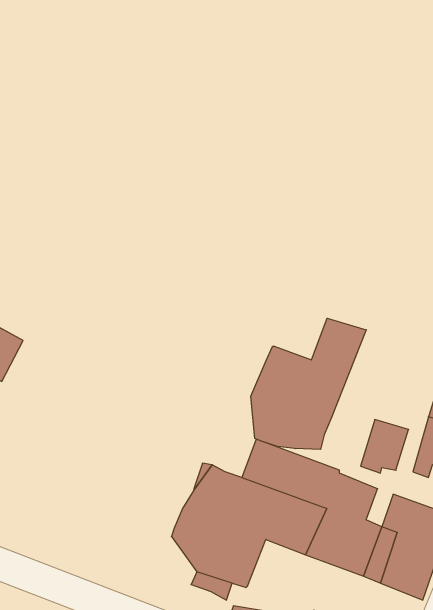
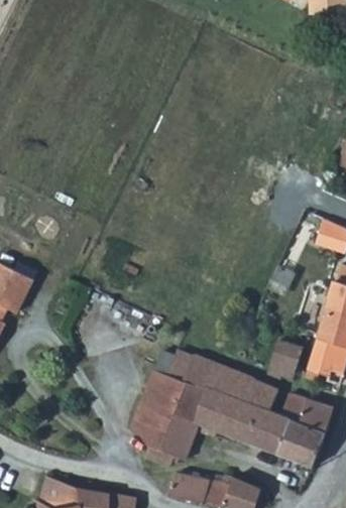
building: [251,318,366,449] -> none

